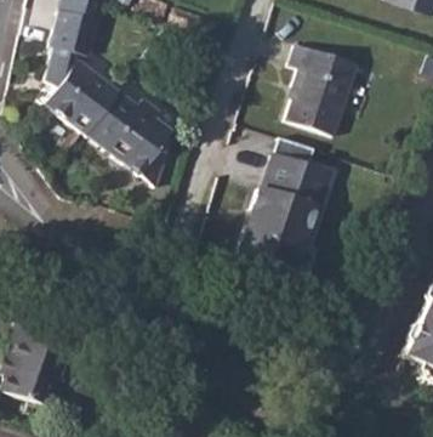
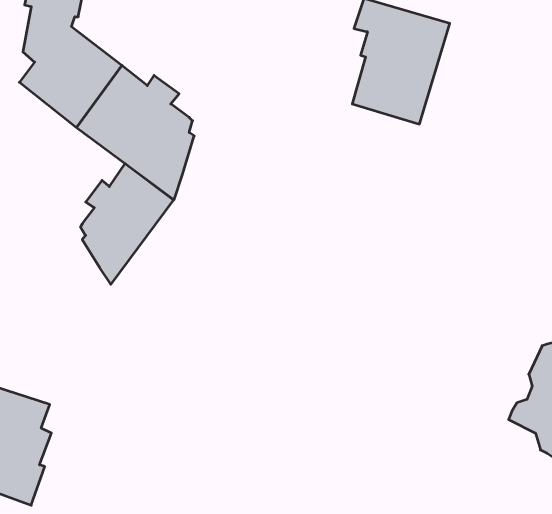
building: [238,154,329,267] -> none
building: none -> [81,164,173,284]

